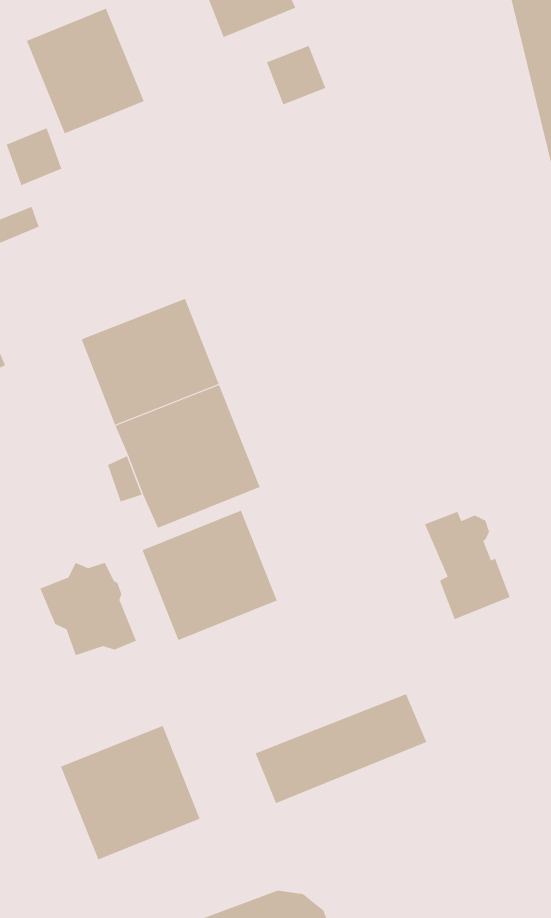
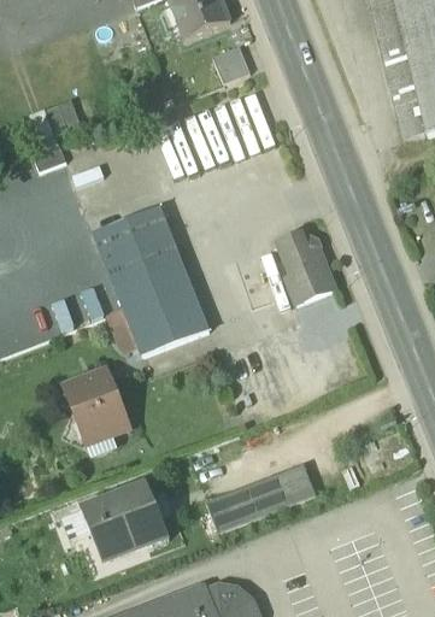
building: [26,8,144,134] -> none
building: [142,510,277,641] -> none
building: [424,511,510,620] -> [277,230,333,300]

